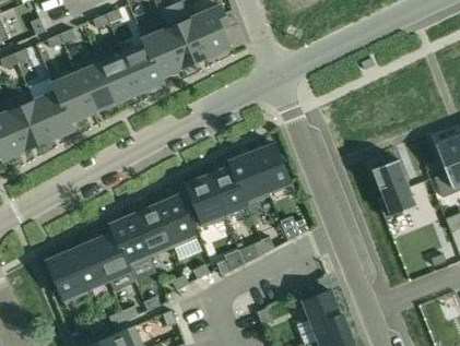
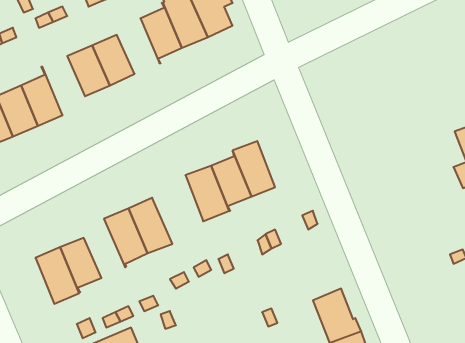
building: [121,39,161,91] -> none
building: [52,74,92,129] -> none
building: [251,144,290,195] -> none
building: [370,159,415,217] -> none
building: [154,195,194,248] -> none
building: [91,225,129,279] -> none

